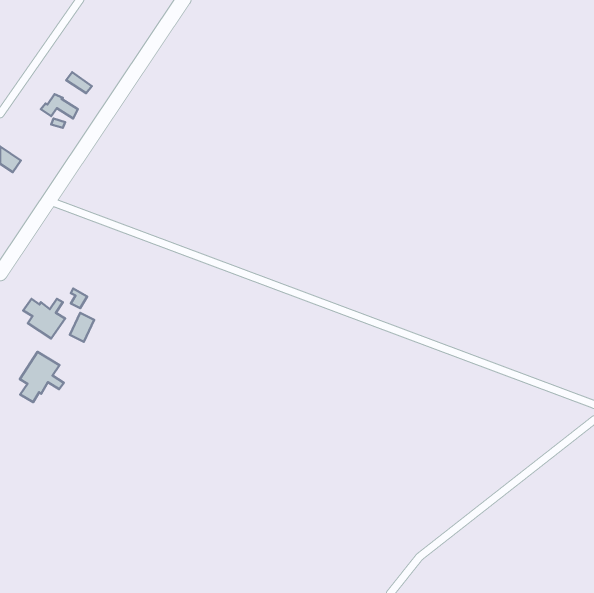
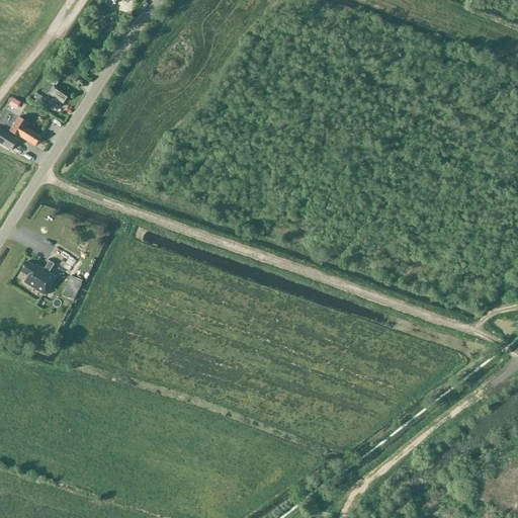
building: none -> [9,115,41,146]
building: [20,352,64,402] -> none

